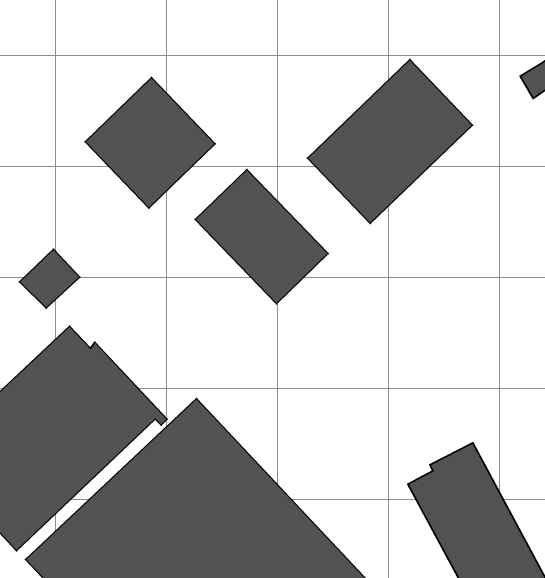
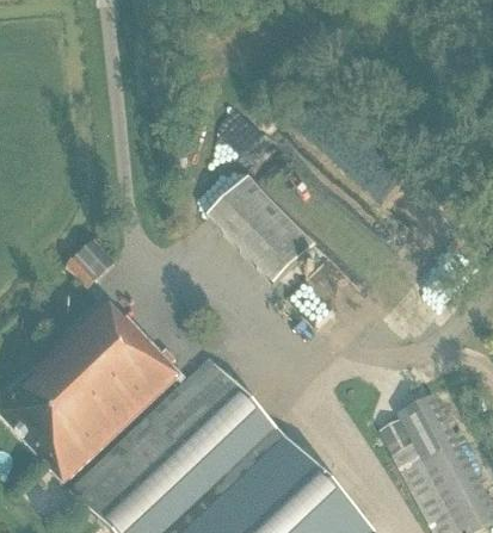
building: [308,60,472,224] -> none
building: [85,78,215,208] -> none

